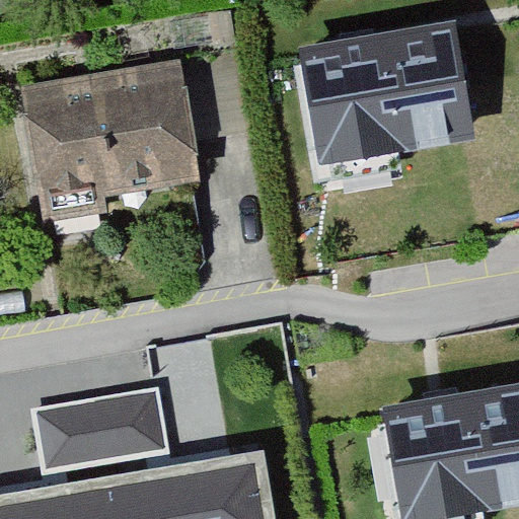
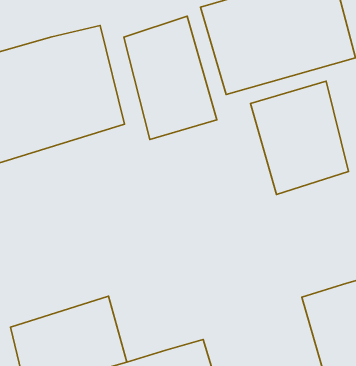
building: none -> [124,16,217,139]
building: none -> [250,81,349,194]

